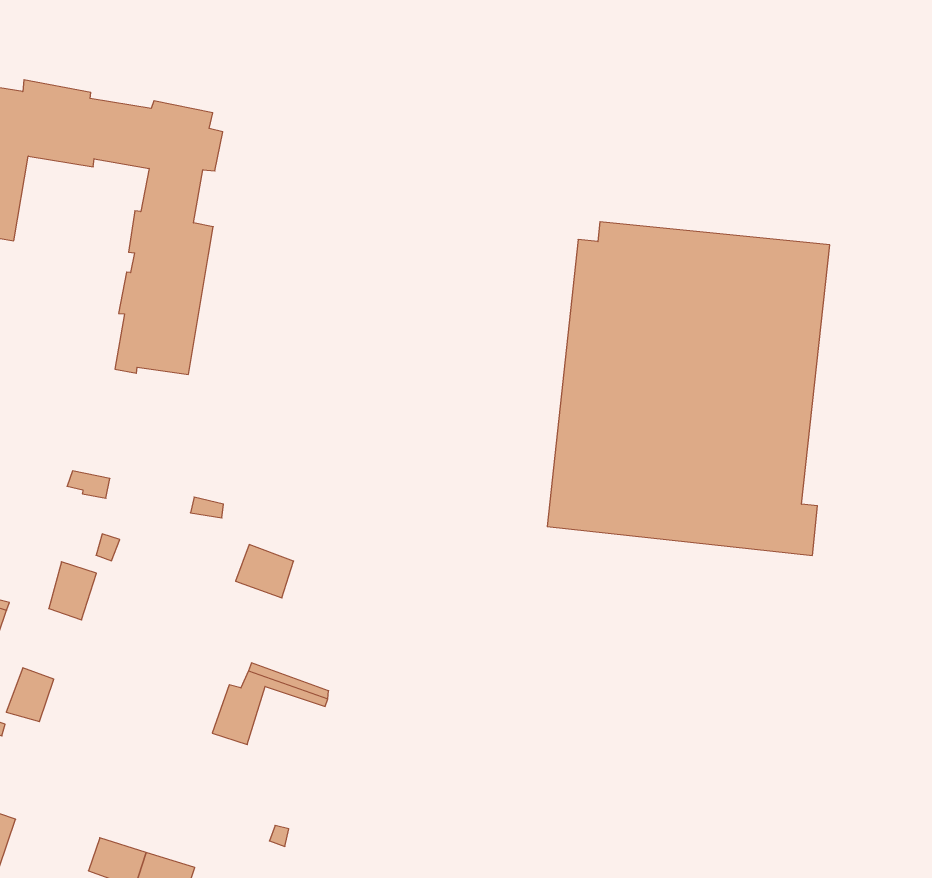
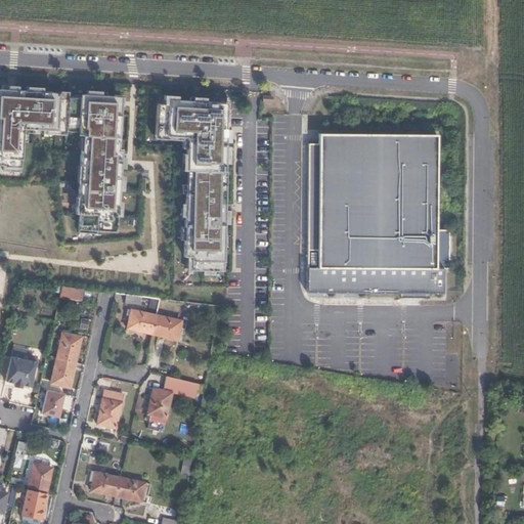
building: none -> [157,99,227,271]
building: none -> [126,298,161,335]
building: none -> [51,358,75,387]
building: none -> [96,390,123,428]

